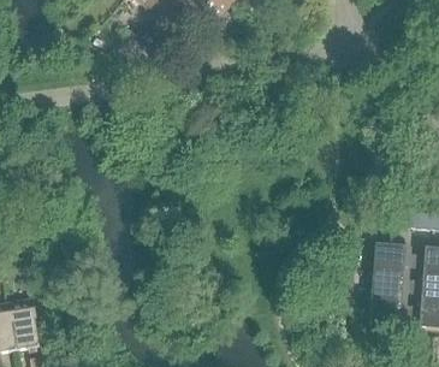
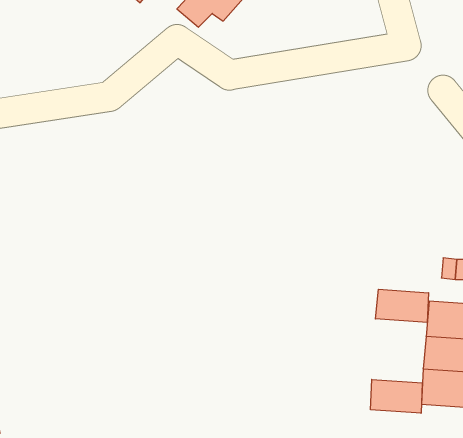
building: none -> [375,289,429,322]
building: none -> [371,379,422,413]

